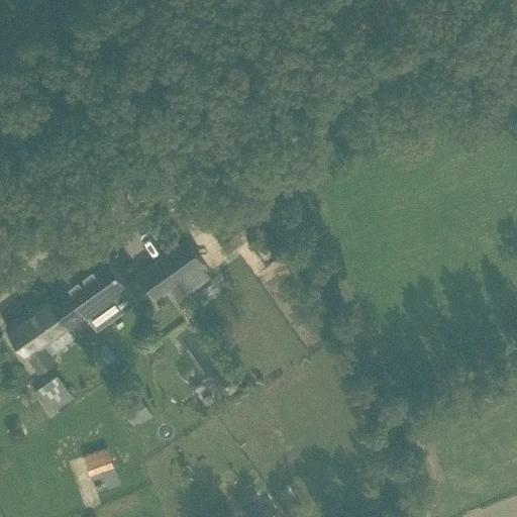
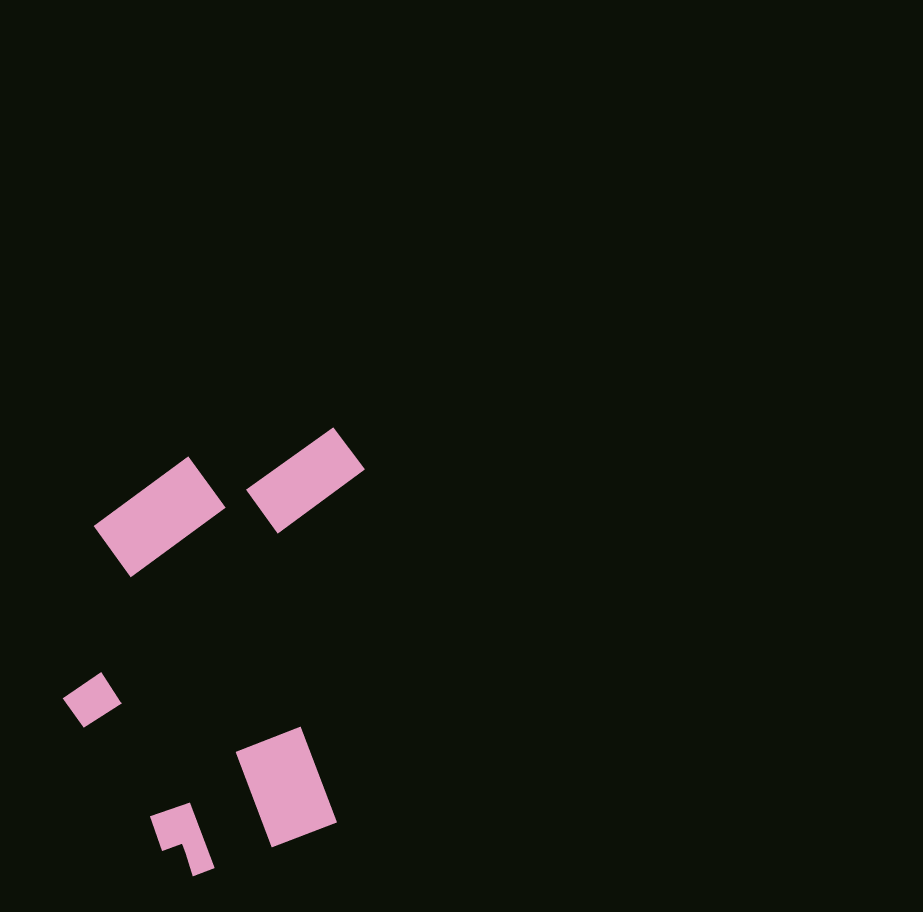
building: [7,301,75,379] -> none
building: none -> [234,726,338,849]

